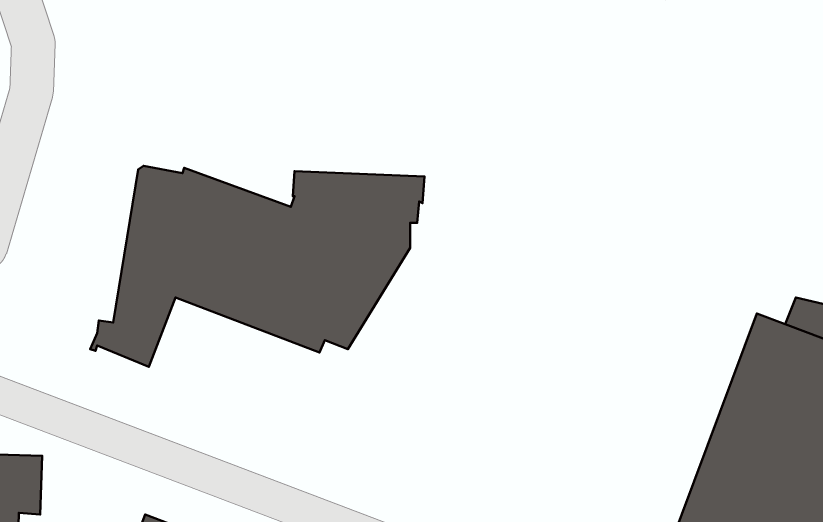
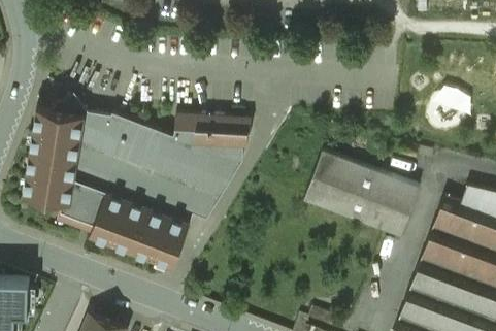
building: none -> [24,98,86,201]
building: none -> [304,151,420,235]
building: none -> [90,187,191,264]

